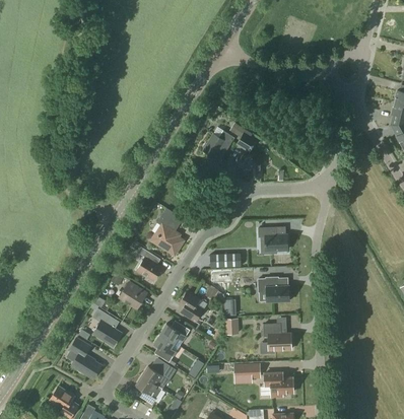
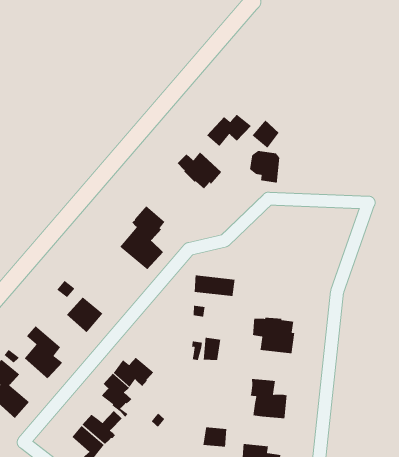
building: none -> [177,151,222,190]
building: [261,233,289,254] -> none
building: [137,248,162,281] -> none
building: [180,292,204,323] -> none

